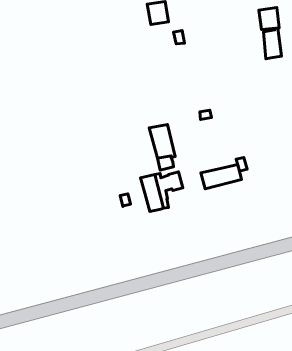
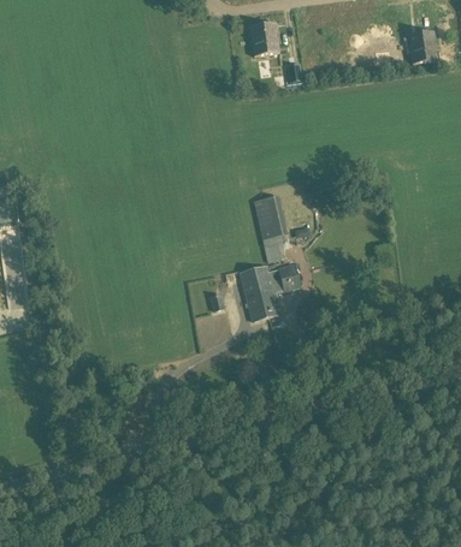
building: [264,28,281,59] -> none
building: [201,165,241,189] -> none

